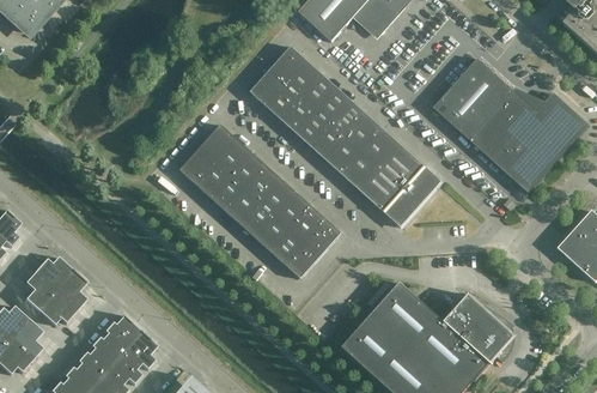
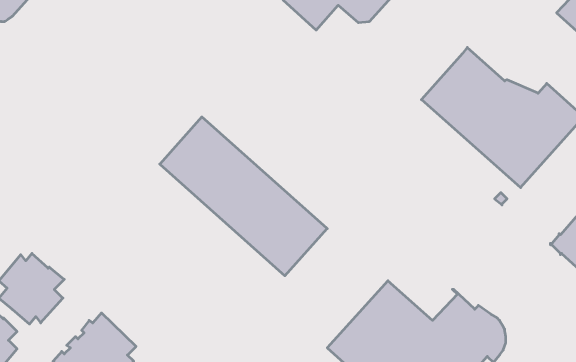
building: [250,46,441,226] -> none

